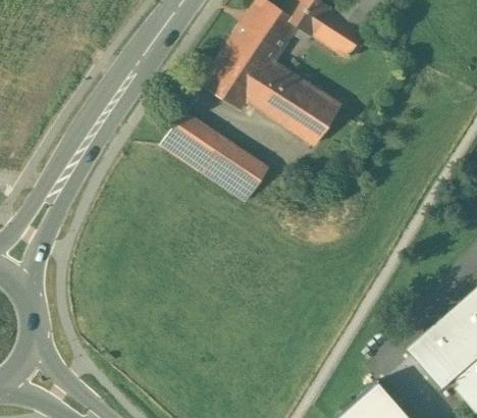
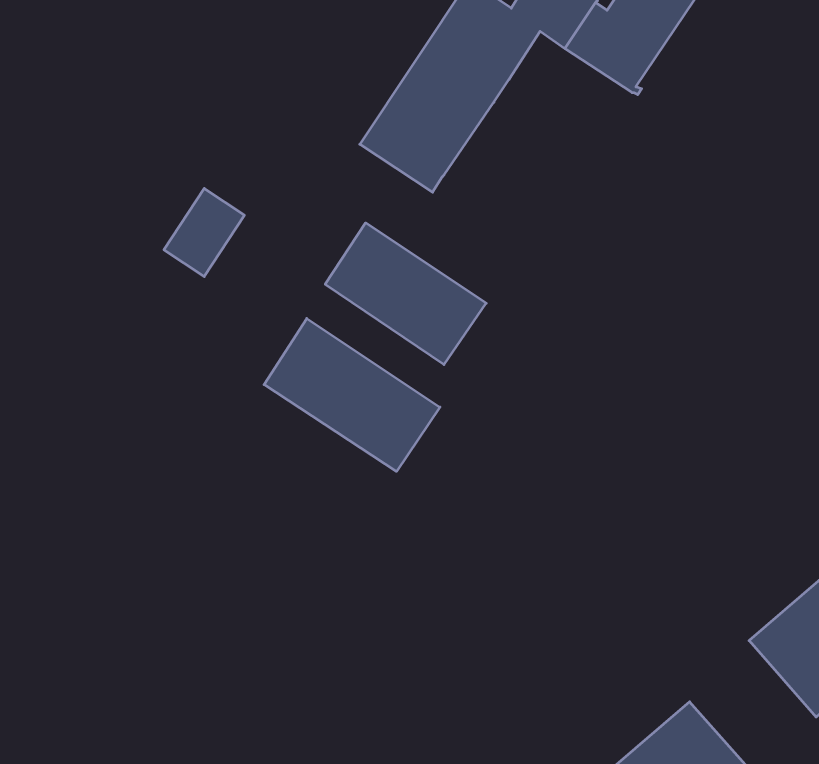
building: [247,61,341,145] -> none
building: [162,111,205,158] -> [164,188,244,277]
building: none -> [264,318,440,471]

